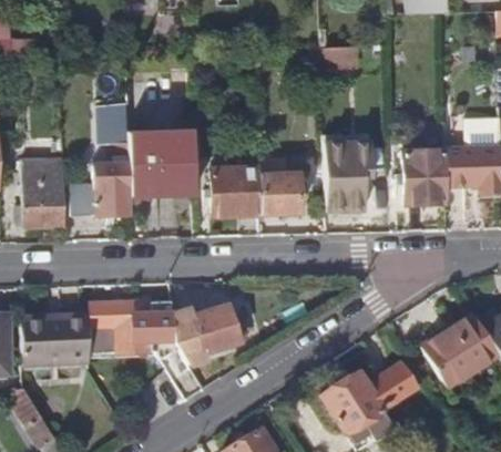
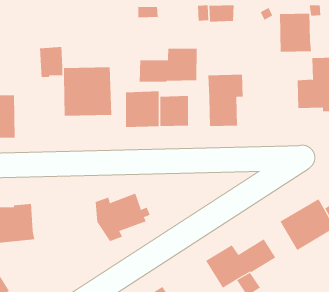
building: none -> [139,48,197,83]
building: [78,143,131,216] -> none
building: [403,150,448,203] -> [279,13,312,52]
building: [92,302,193,381] -> none

